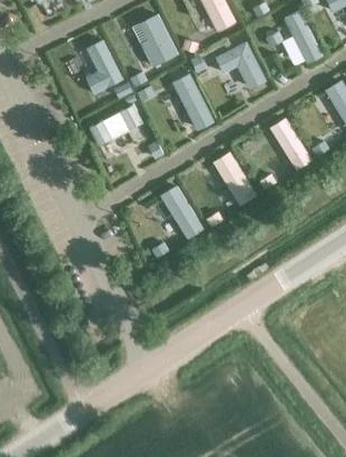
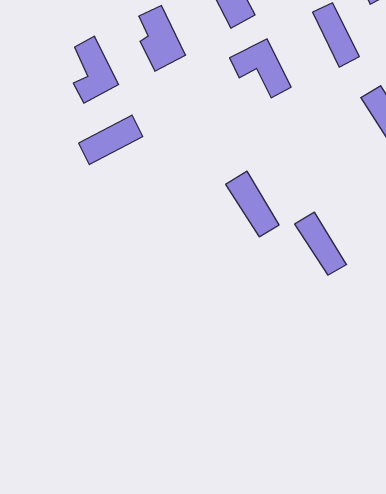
building: [171,73,214,131] -> none
building: [268,118,312,170] -> [295,212,347,275]
building: [159,185,204,239] -> none

